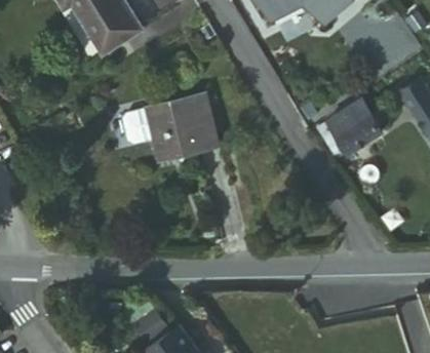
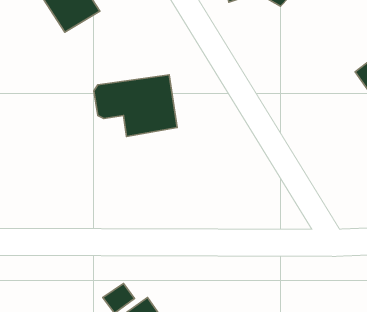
building: [317,94,383,157] -> none

